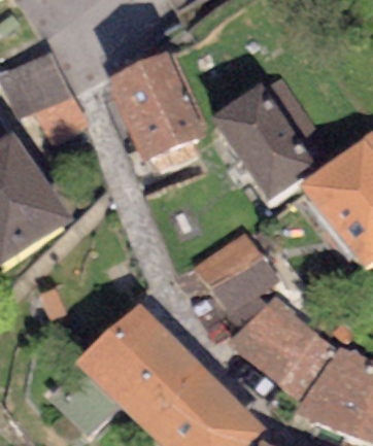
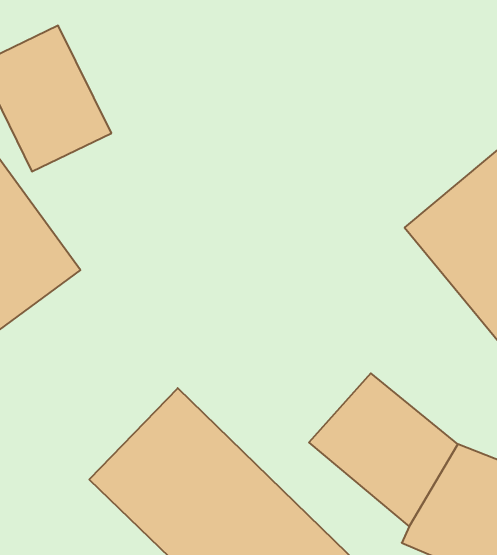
building: [106,55,203,162] -> none
building: [209,69,332,201] -> none
building: [193,228,279,313] -> none

